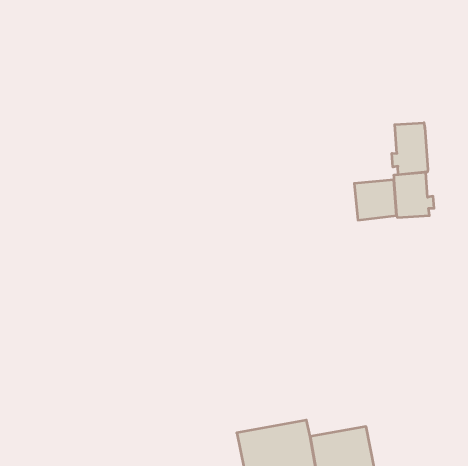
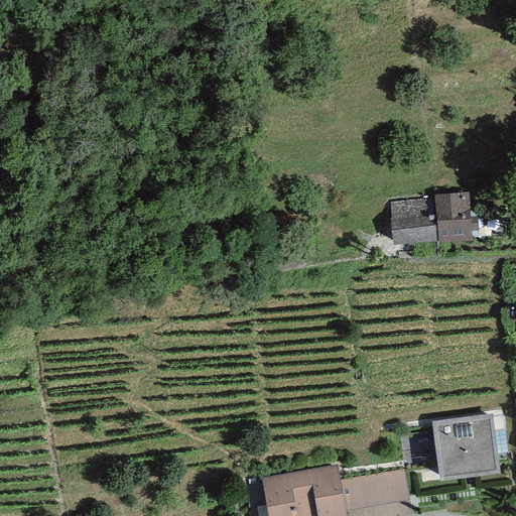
building: [392,123,428,175] -> none
building: none -> [430,414,498,479]

